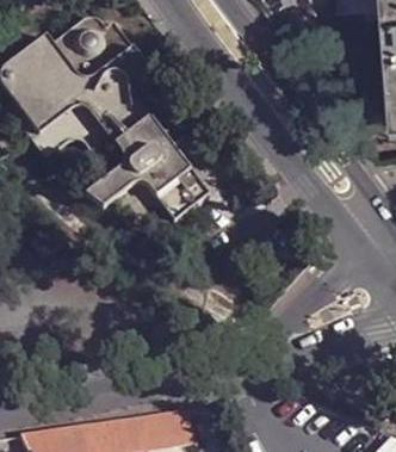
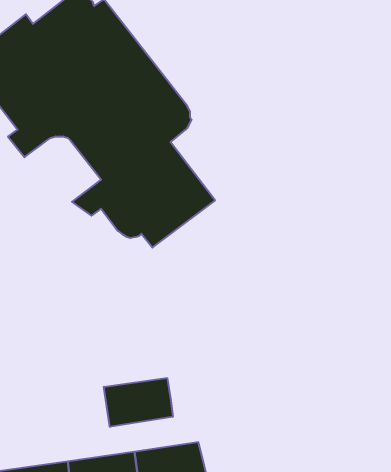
building: none -> [104,378,173,427]

